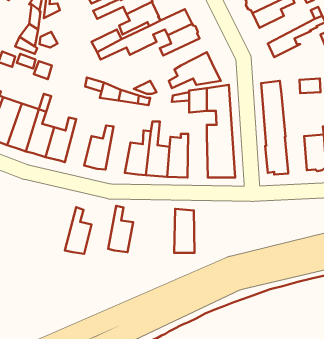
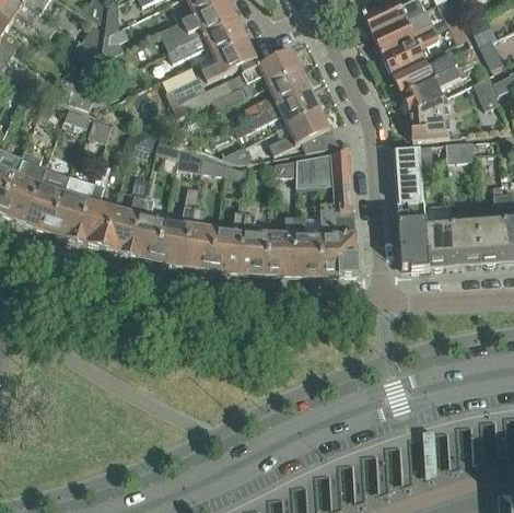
building: none -> [392,54,457,94]
building: none -> [233,88,320,136]
building: none -> [411,94,451,137]
building: none -> [425,219,455,268]
building: [108,206,133,252] -> [184,206,218,268]
building: [65,207,92,254] -> [129,196,165,258]
building: [174,209,195,253] -> [294,215,322,275]

